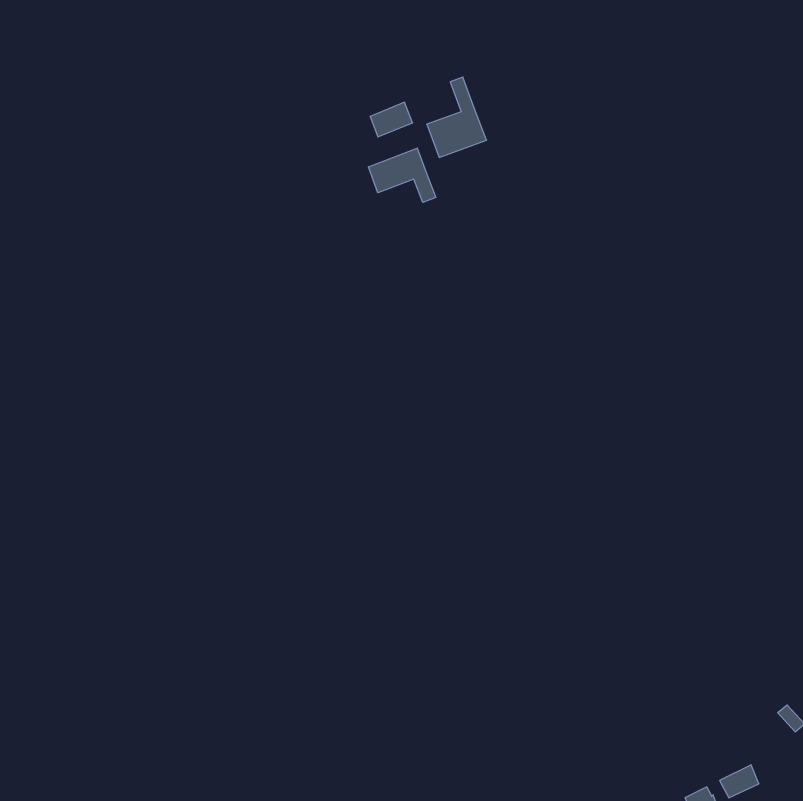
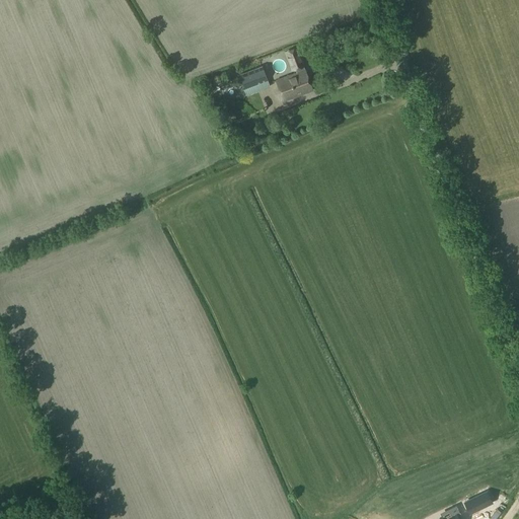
building: [368,148,436,202] -> none

